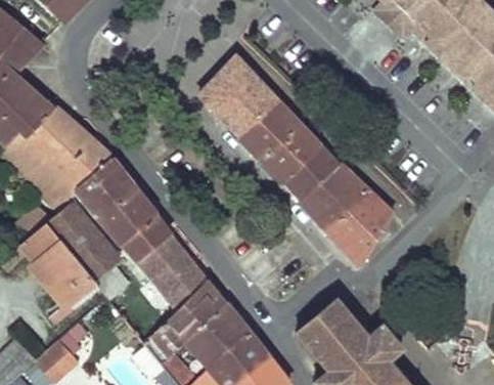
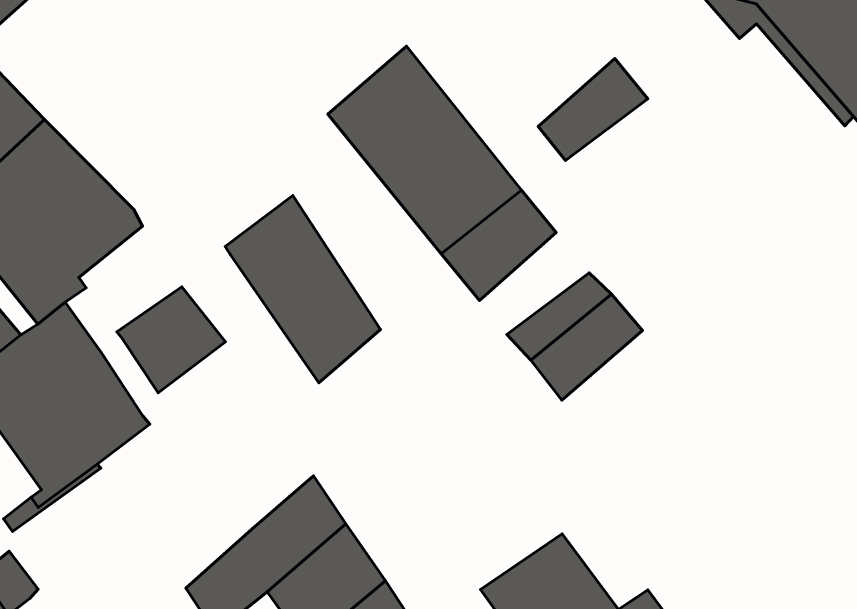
building: [284,145,340,200] -> [538,58,648,160]
building: [78,158,131,213] -> none
building: [330,193,392,261] -> none
building: [123,214,206,309] -> [225,196,381,383]

